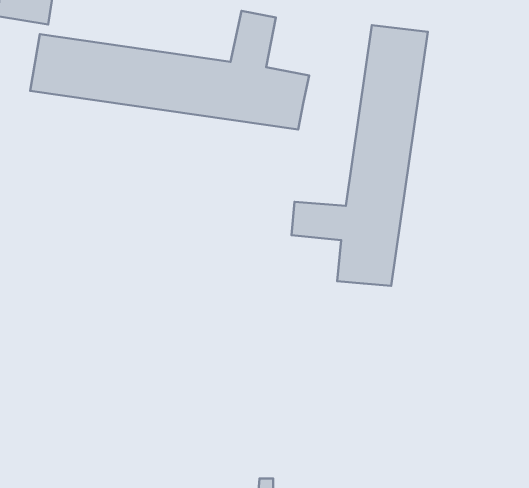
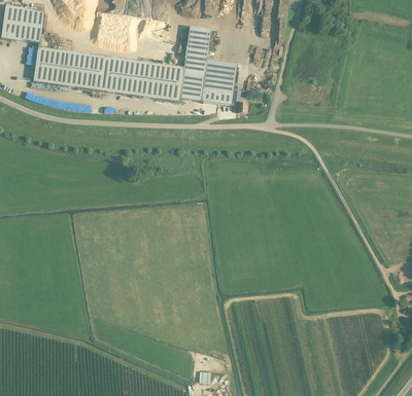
building: [292,25,428,286] -> none

